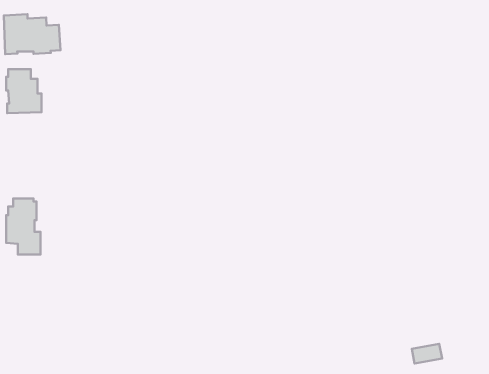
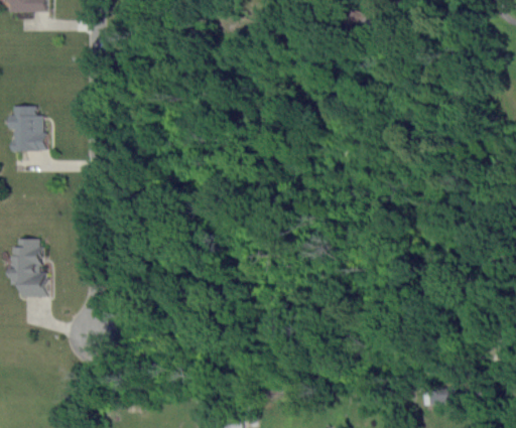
building: [4,14,60,54] -> none

